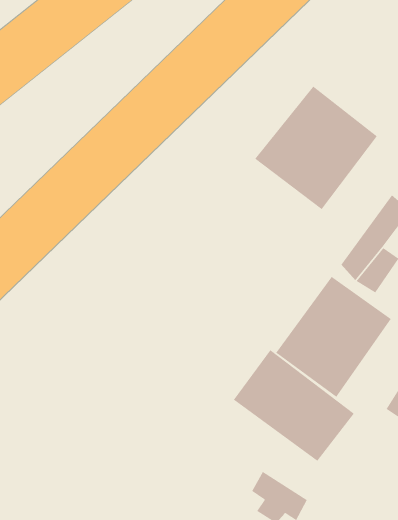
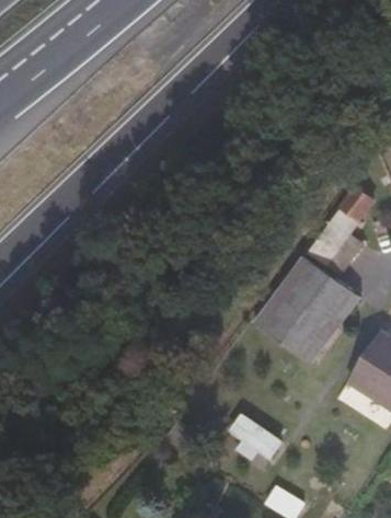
building: [254,86,378,210] -> none
building: [233,349,355,462] -> none

